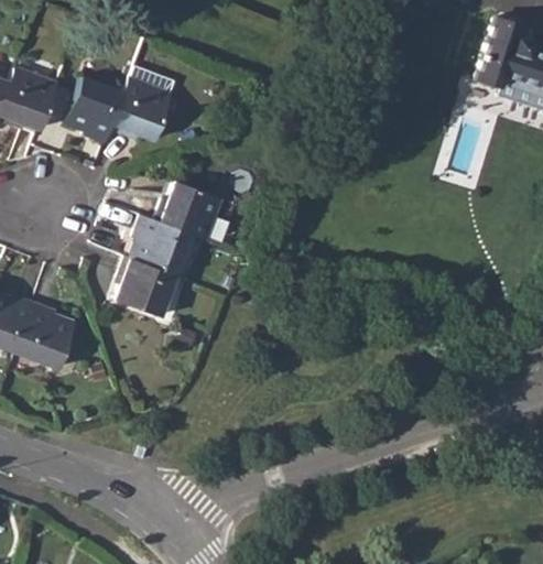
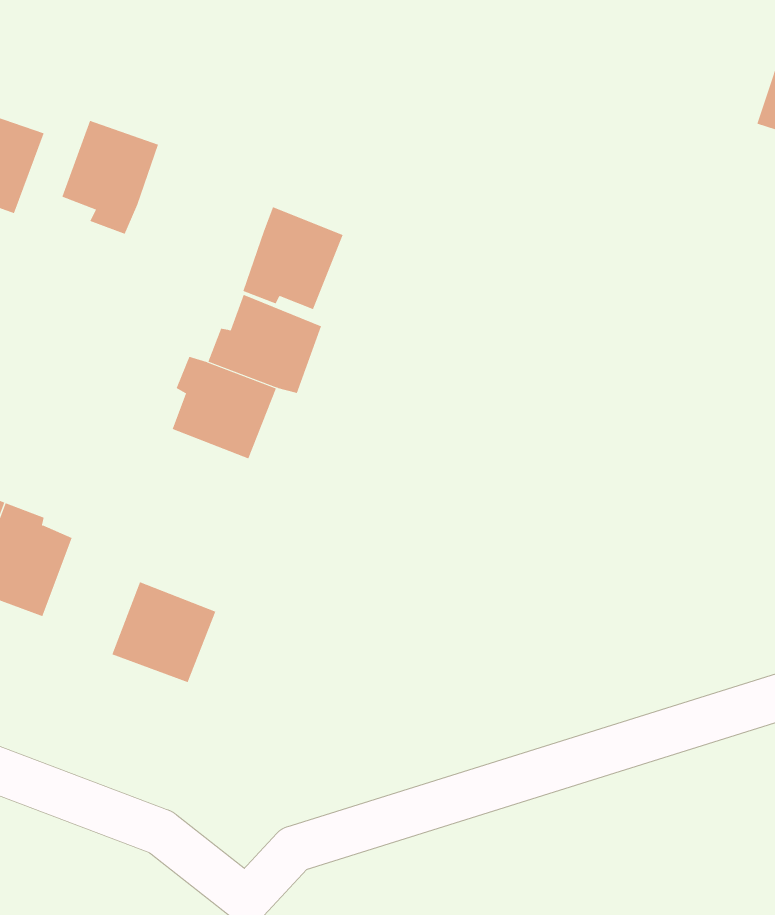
building: [113,77,173,138] -> [242,207,344,310]
building: [117,259,178,318] -> [111,582,216,683]

